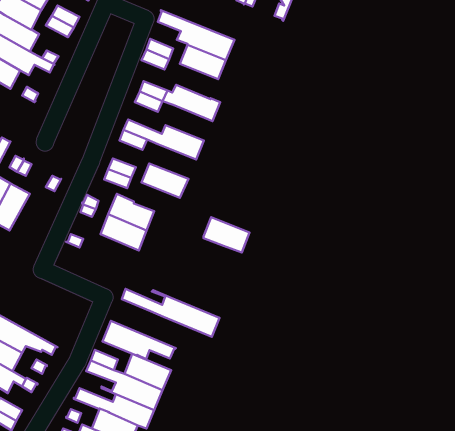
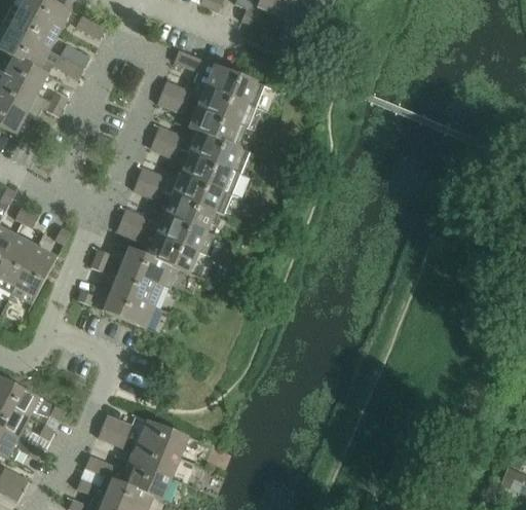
building: none -> [189,107,238,145]
building: none -> [182,151,232,189]
building: none -> [164,193,215,230]
building: none -> [14,247,55,296]
building: [204,217,249,253] -> [148,234,197,272]
building: none -> [104,290,153,327]
building: [122,289,220,337] -> none
building: [103,321,176,359] -> none

